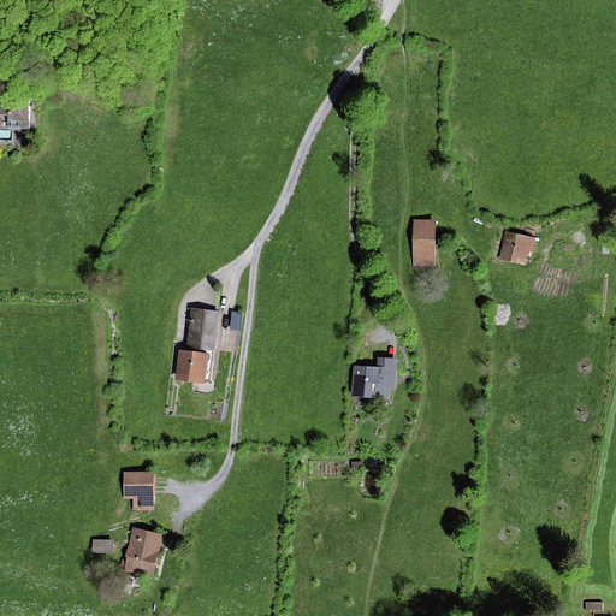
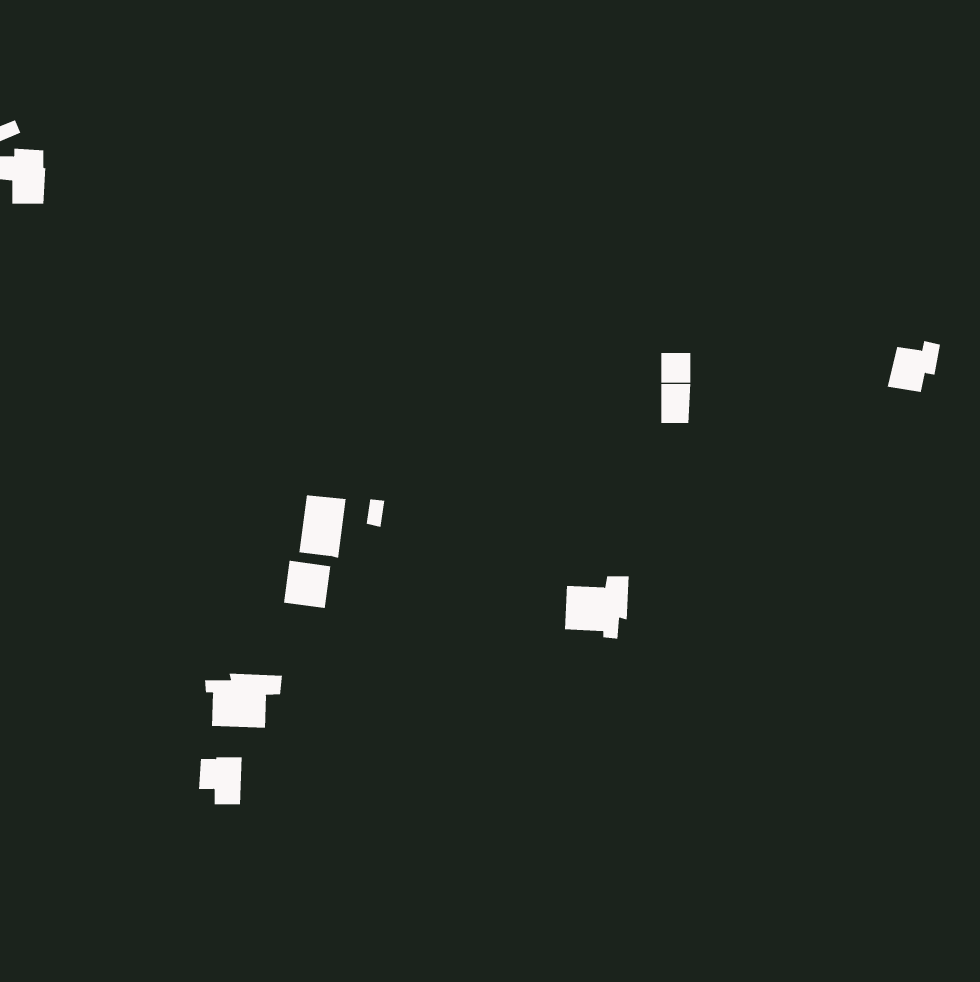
building: [500,229,534,261] -> [887,341,941,393]
building: none -> [205,673,283,729]
building: [119,529,160,574] -> none

